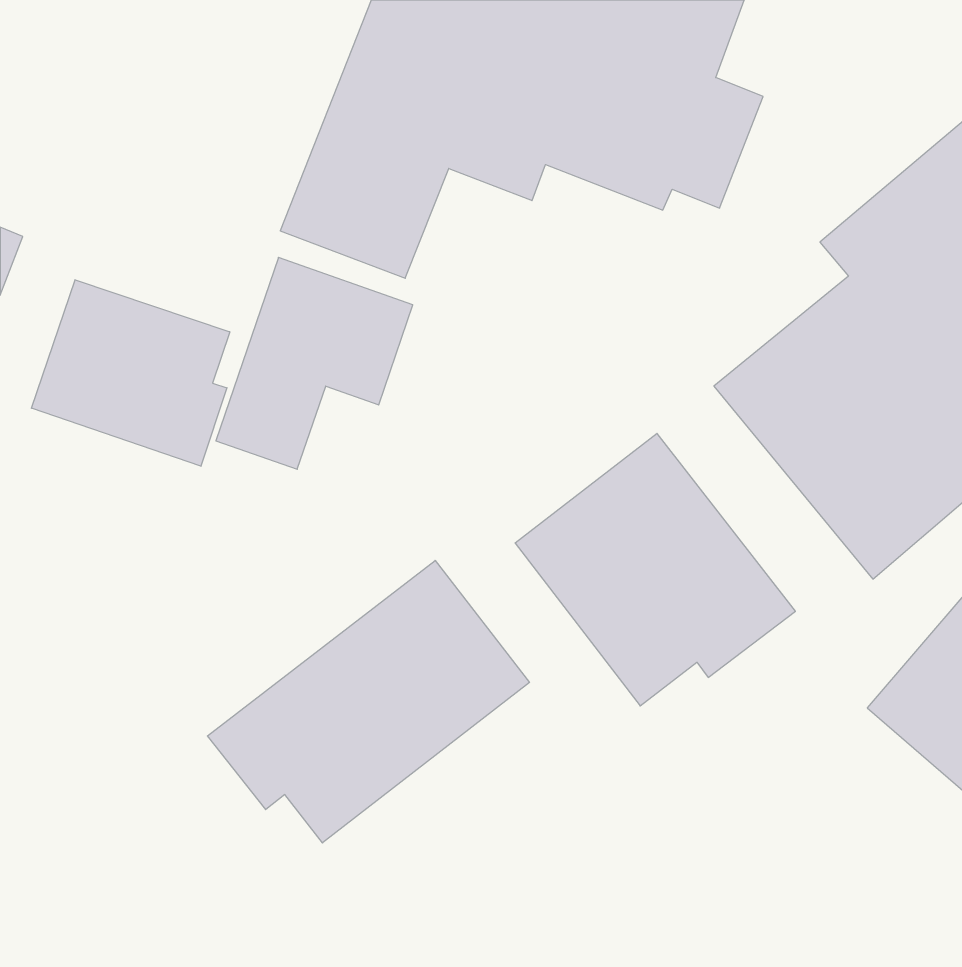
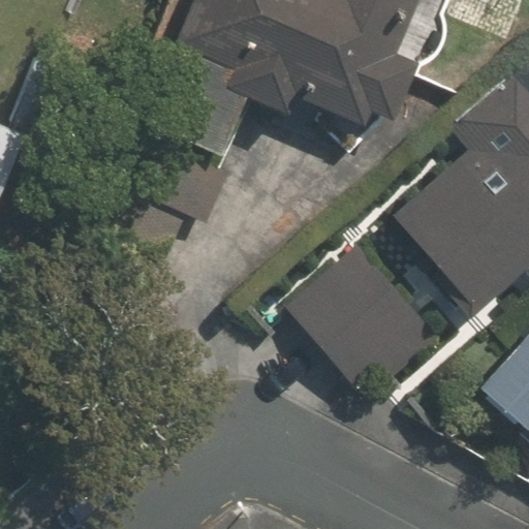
building: [31,280,230,466] -> none
building: [207,560,529,843] -> none

